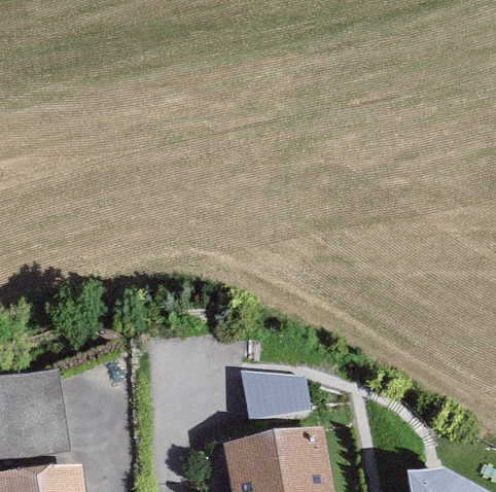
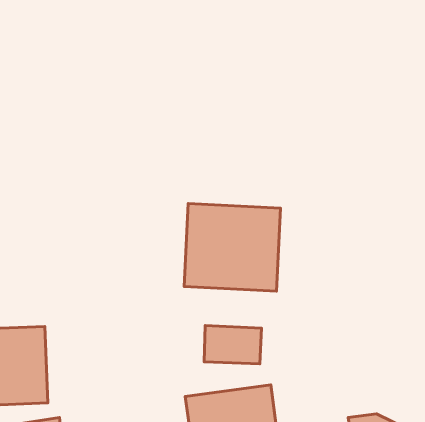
building: none -> [184,204,281,291]

